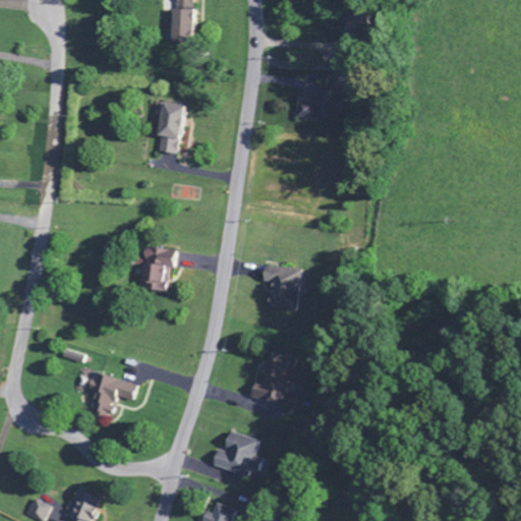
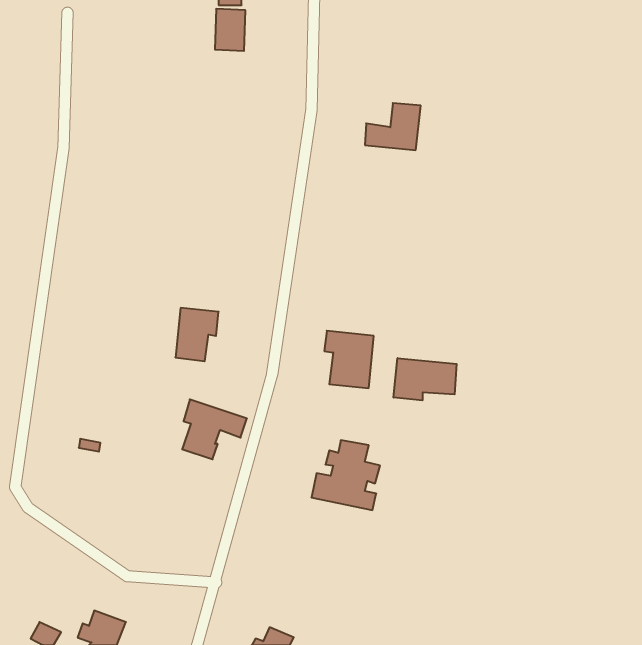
building: [156,102,185,154] -> none
building: none -> [394,358,457,400]
building: [83,370,135,418] -> [182,399,247,459]
building: [211,430,262,476] -> none

